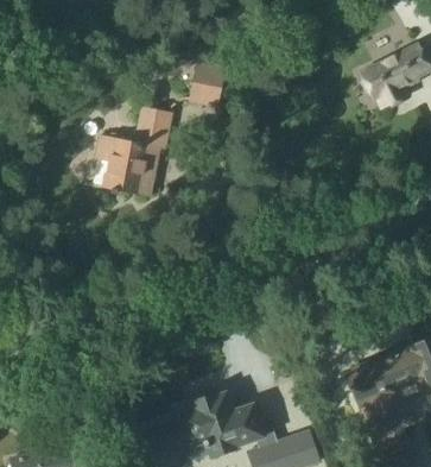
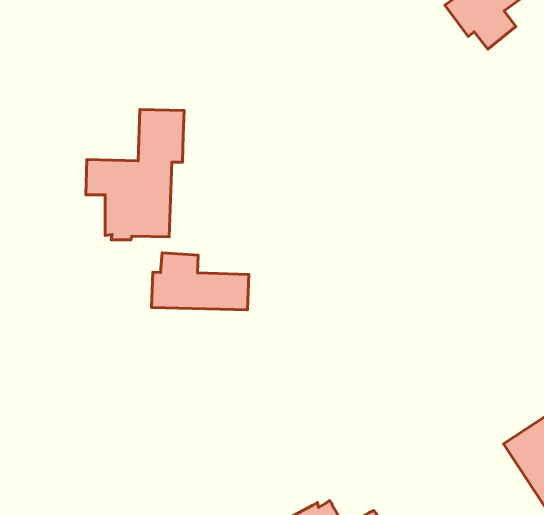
building: [189,61,226,107] -> none
building: none -> [152,253,249,310]

